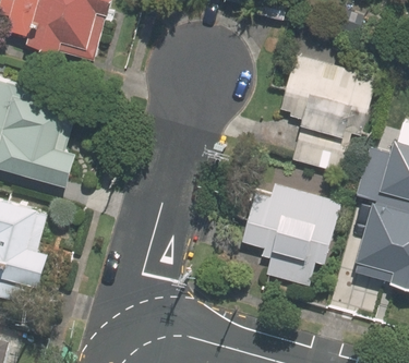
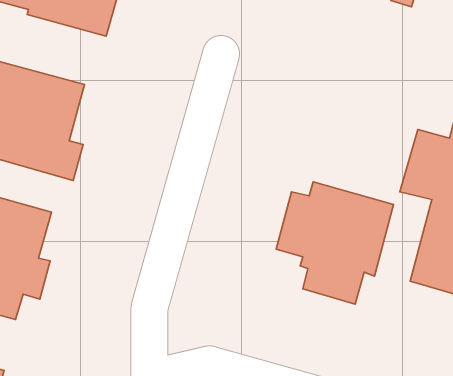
building: [280,57,375,171] -> none

